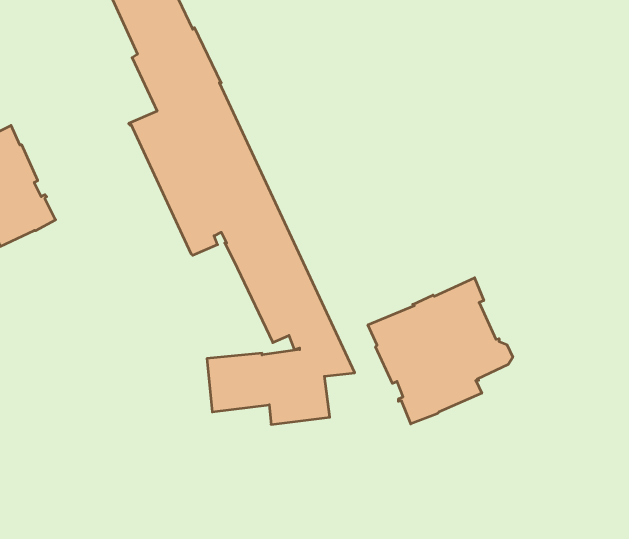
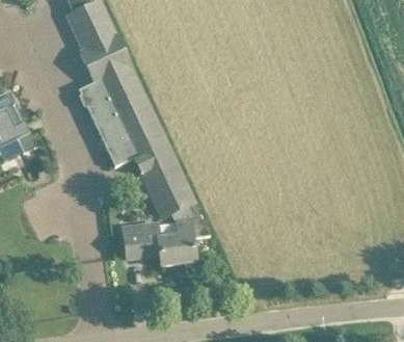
building: [368,278,513,424] -> none

